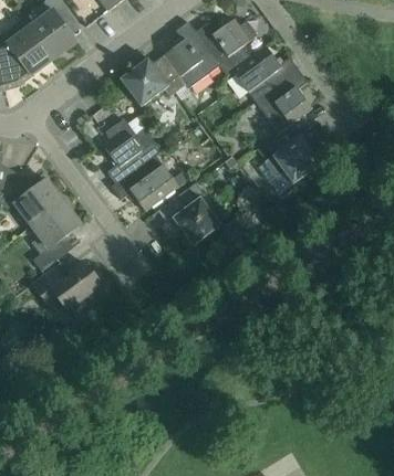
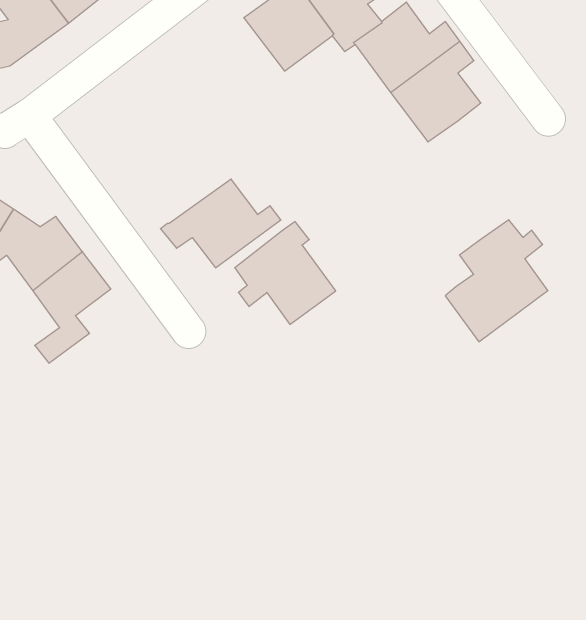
building: [118,54,190,106] -> none
building: [257,118,321,194] -> [445,220,548,342]
building: [103,120,159,182] -> none
building: [31,261,107,309] -> none

